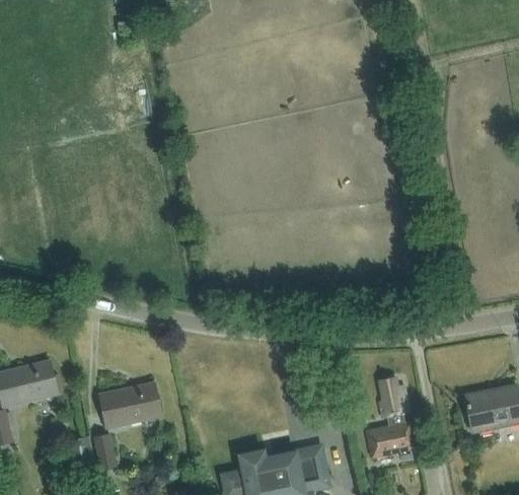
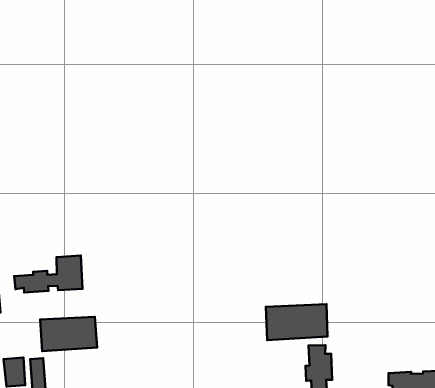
building: none -> [14,256,82,293]
building: none -> [266,304,328,340]

